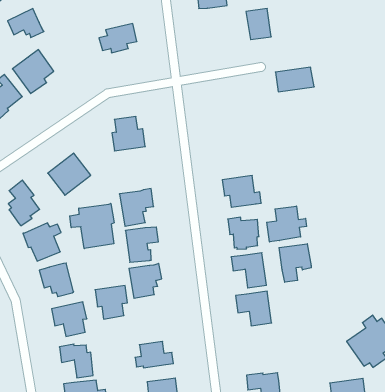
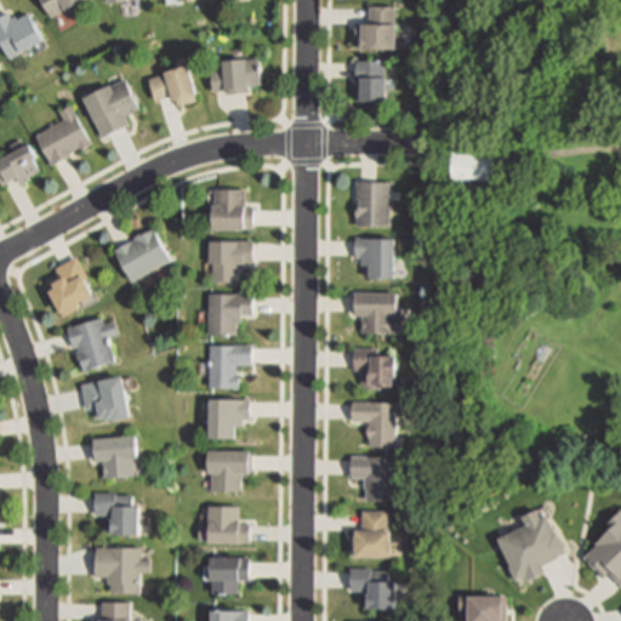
building: [8,9,44,38] -> [148,65,196,106]
building: [246,9,271,40] -> [358,61,388,101]
building: none -> [354,180,388,228]
building: none -> [352,238,393,278]
building: none -> [206,239,251,283]
building: [70,203,114,249] -> none
building: [267,206,307,242] -> none
building: [279,244,311,282] -> none
building: [95,286,127,319] -> [205,451,247,494]
building: none -> [349,508,387,560]

